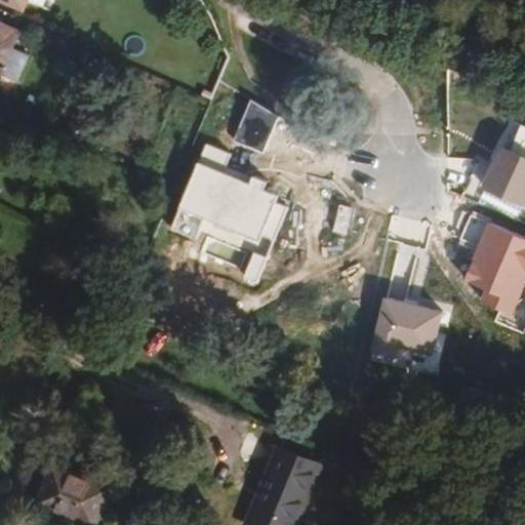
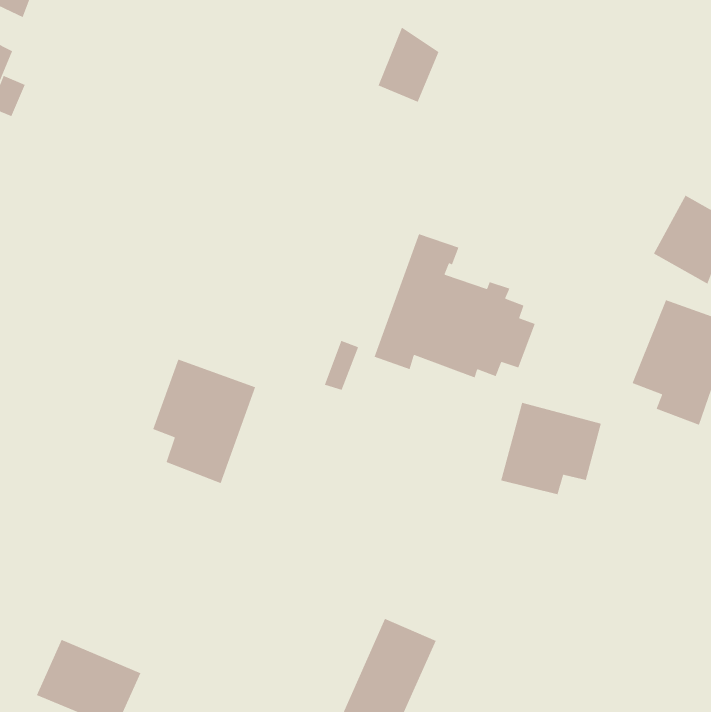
building: [235,97,280,153] -> [377,27,439,103]
building: [169,140,287,246] -> [373,233,536,378]
building: none -> [152,358,256,484]

